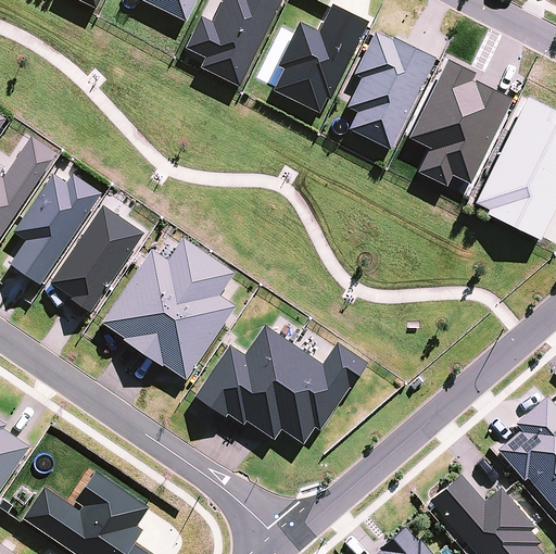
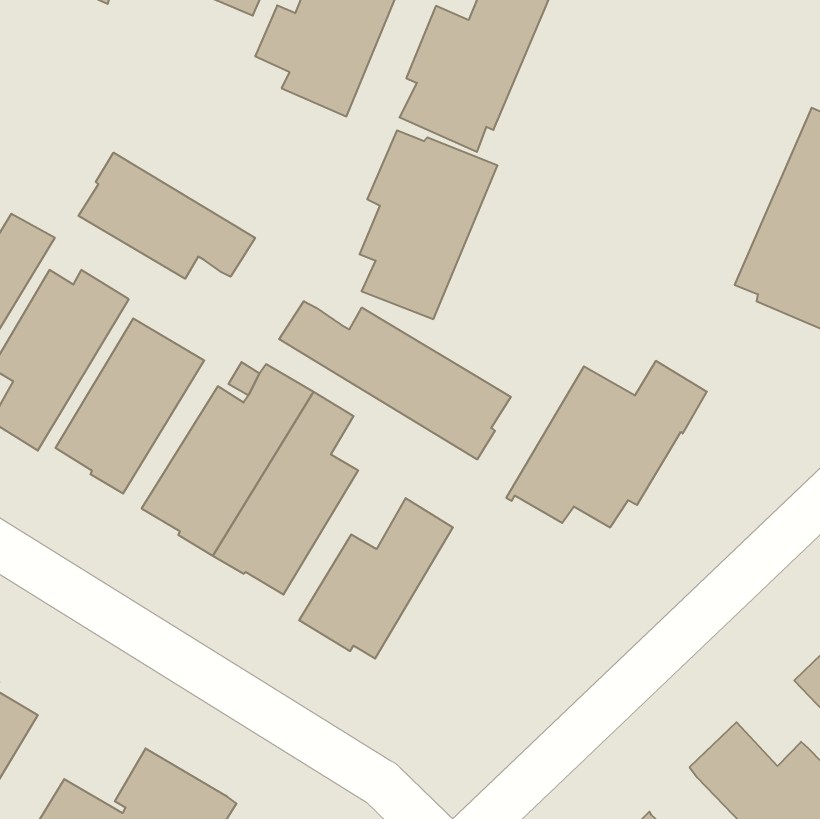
building: [348,33,435,150] -> [359,130,498,319]
building: [407,61,511,189] -> none
building: none -> [79,153,255,279]
building: none -> [279,301,511,459]
building: [240,343,367,444] -> [506,361,707,527]

